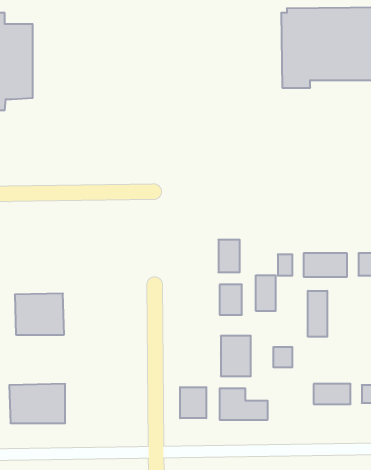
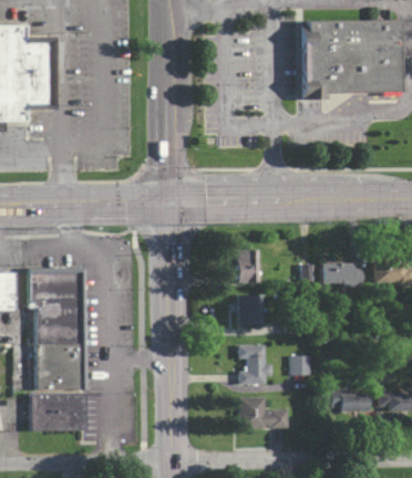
building: none -> [29,267,83,303]
building: [256,275,276,311] -> none
building: [308,291,327,337] -> none
building: none -> [37,343,85,388]
building: [180,387,206,418] -> none

